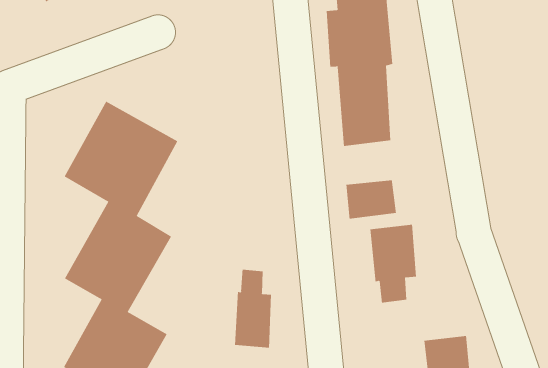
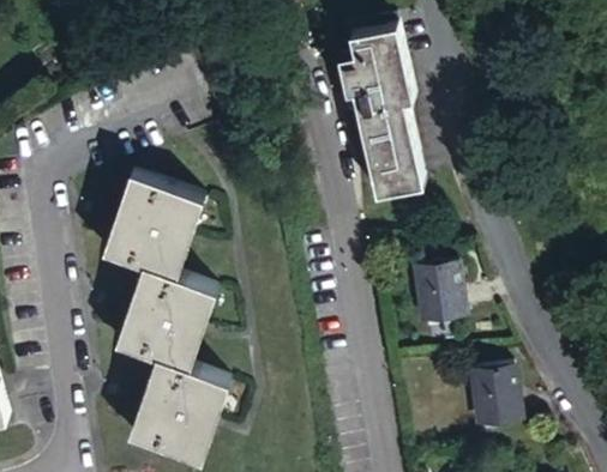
building: [346,180,396,219] -> none
building: [234,269,271,348] -> none

